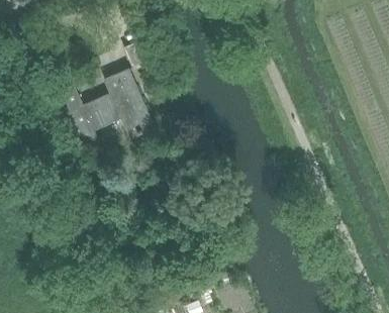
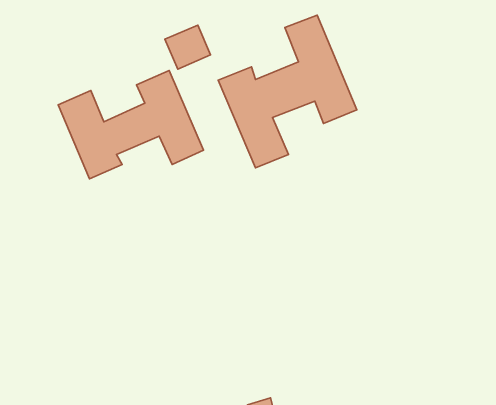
building: none -> [218,15,357,168]

